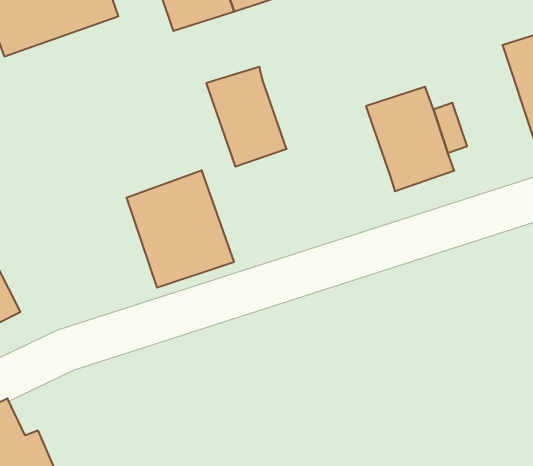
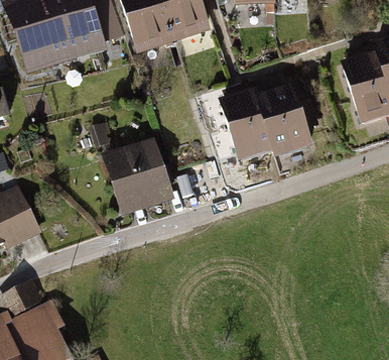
building: [206,67,287,167] -> [222,93,272,155]

